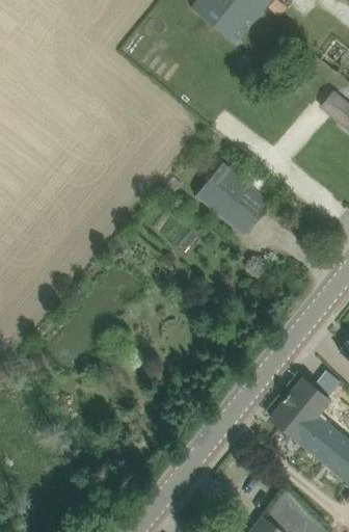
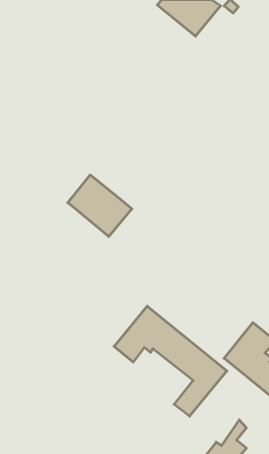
building: [196,162,271,234] -> [68,175,132,237]
building: none -> [114,306,227,416]

